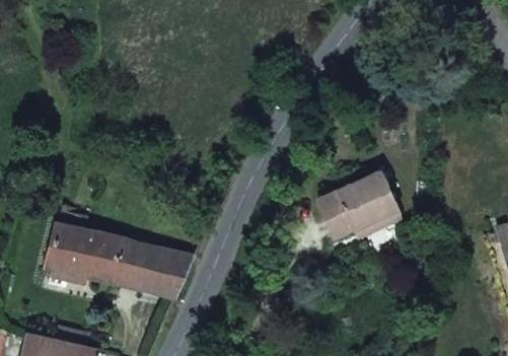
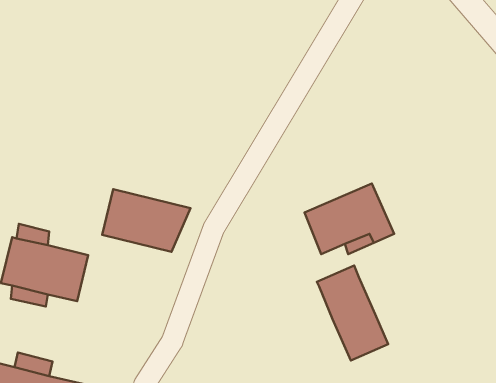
building: [114,238,194,295] -> [102,189,191,252]
building: none -> [317,266,388,361]

